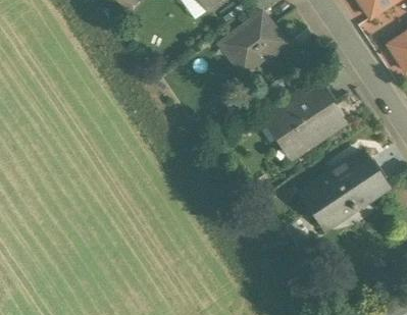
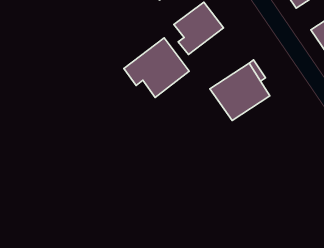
building: none -> [124,38,189,97]
building: [302,151,388,228] -> none

